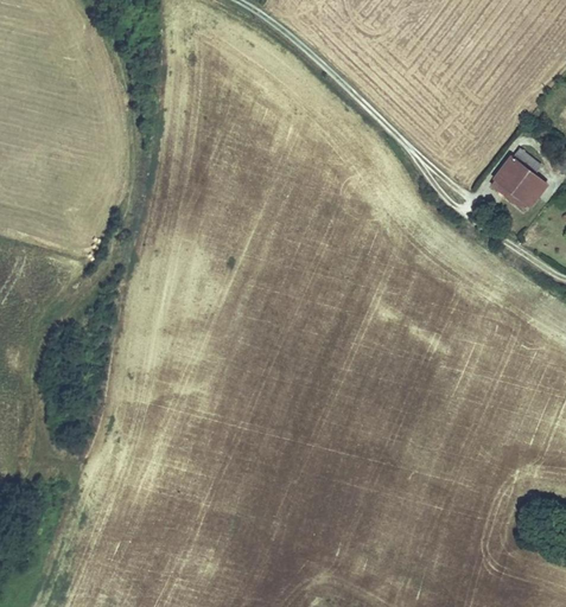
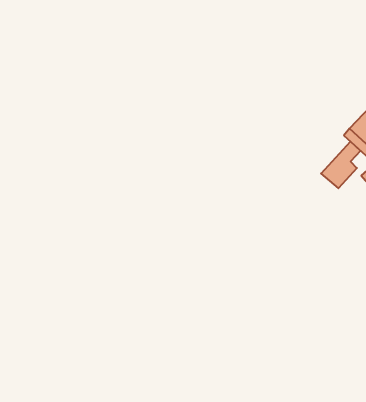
building: none -> [321,141,360,188]

